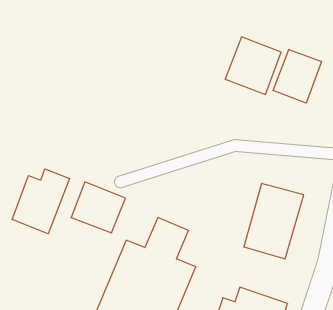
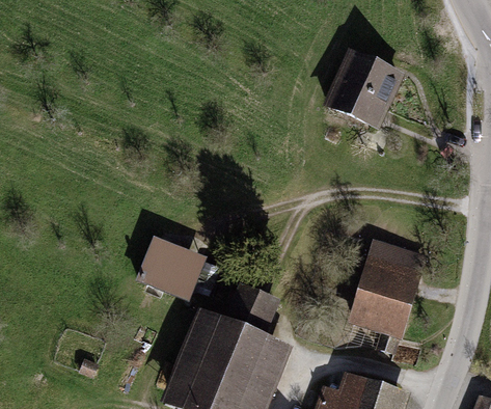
building: [273,49,322,103] -> none
building: [12,169,70,234] -> none

